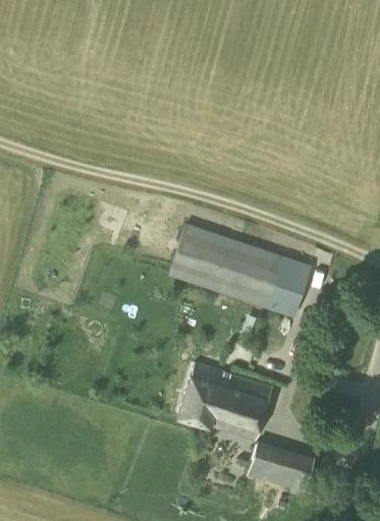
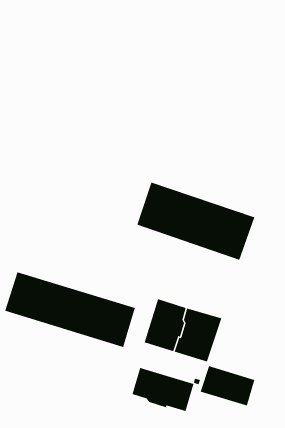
building: none -> [4,271,135,348]
building: none -> [132,367,194,412]

